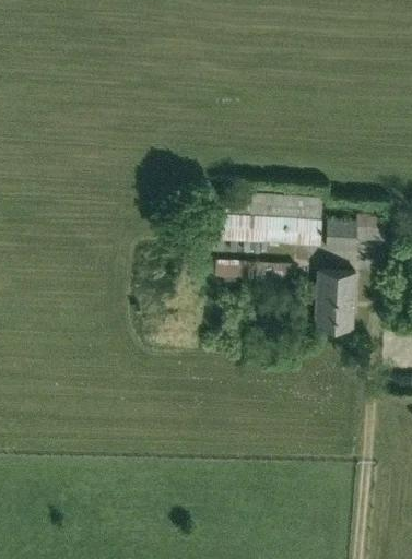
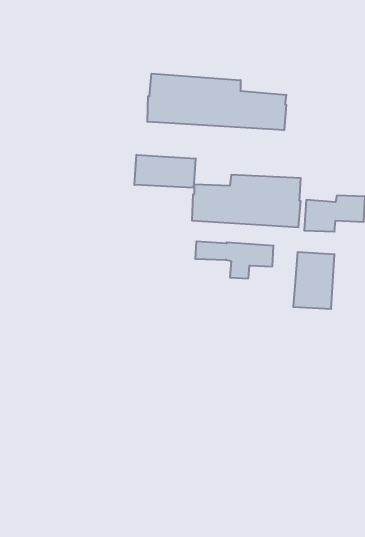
building: none -> [147,74,286,130]
building: none -> [134,155,196,188]

